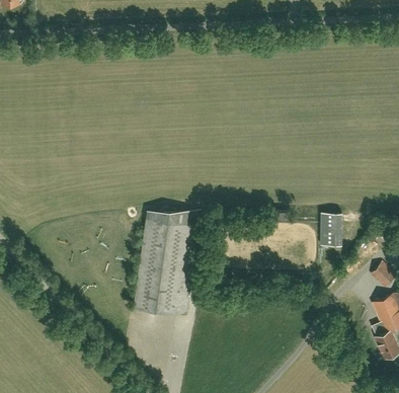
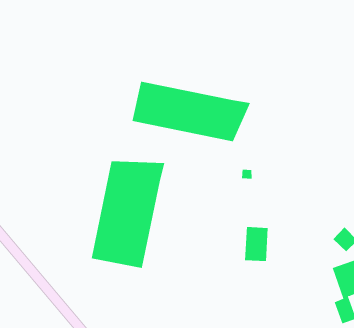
building: none -> [132,81,251,142]
building: [318,212,340,245] -> [244,227,269,262]

